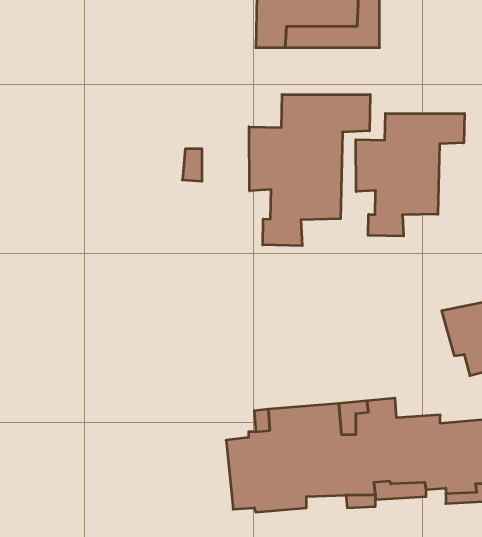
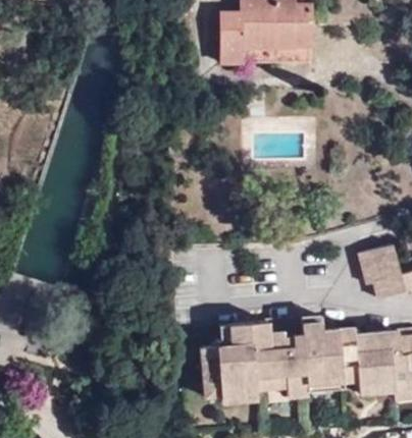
building: [249,94,370,246] -> none
building: [356,113,464,236] -> none

